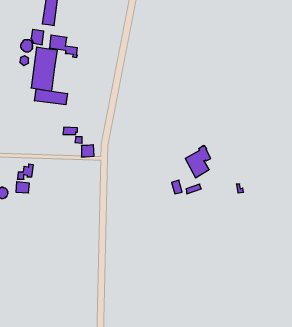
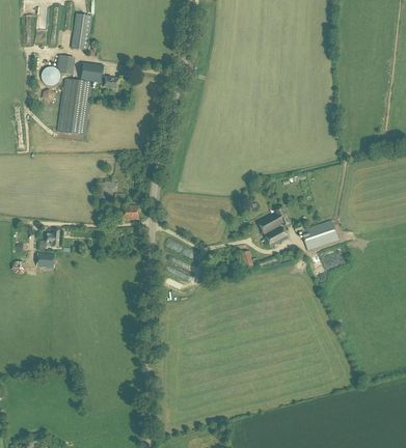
building: [35,89,67,105] -> none
building: none -> [300,220,337,250]

